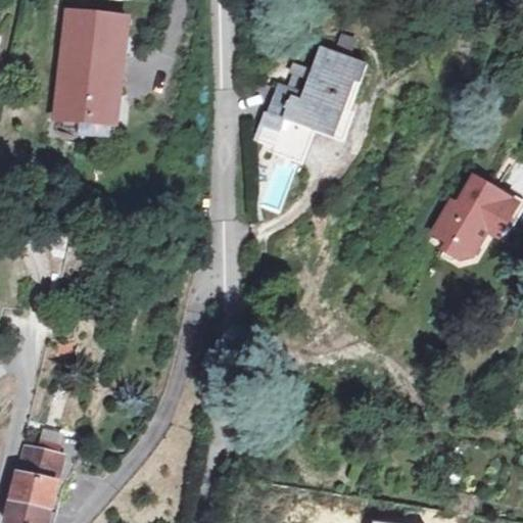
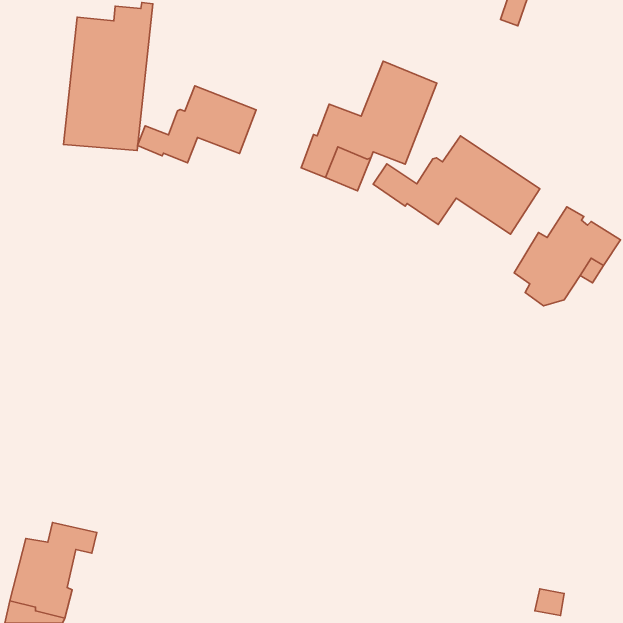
building: none -> [138,86,256,163]
building: none -> [373,136,540,234]

